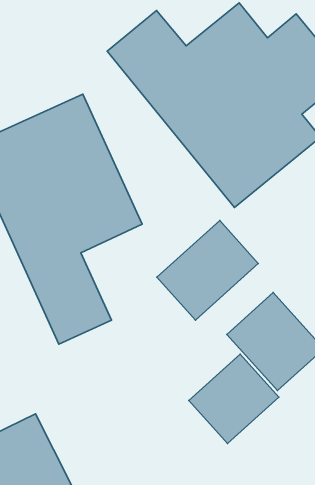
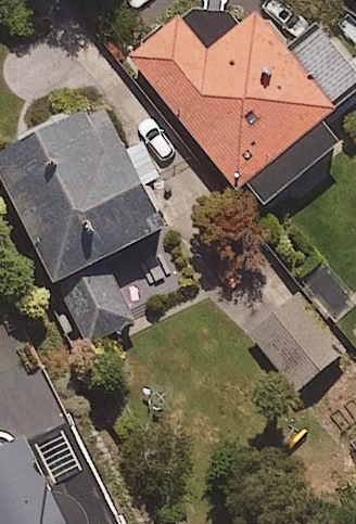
building: [157,220,258,320] -> none
building: [189,354,279,444] -> none

